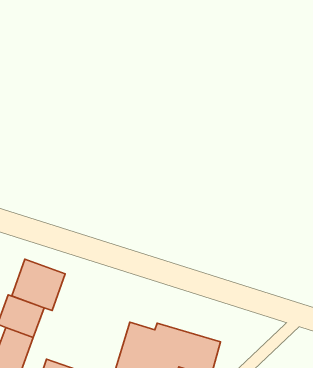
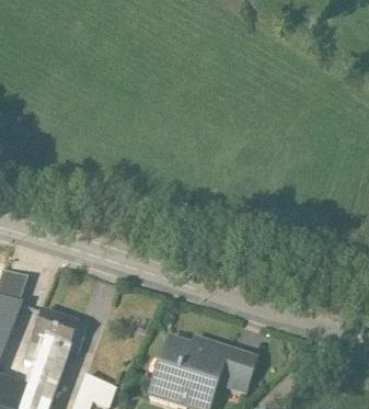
building: [12,259,65,311] -> none

